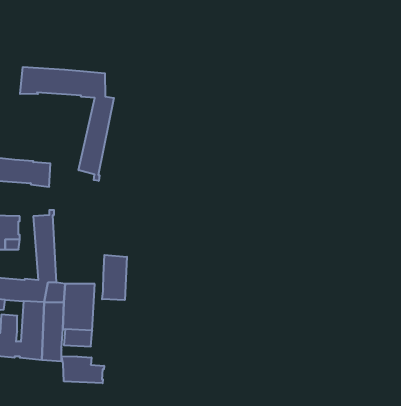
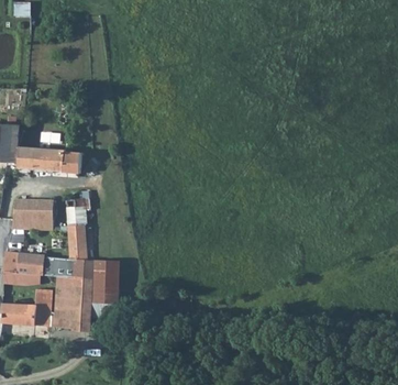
building: [20,67,114,181] -> none
building: [102,255,127,300] -> none
building: [62,356,104,383] -> none

